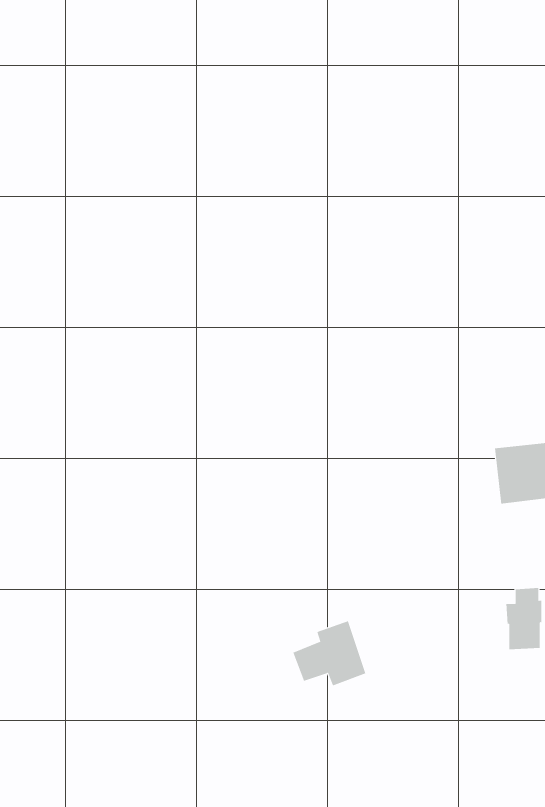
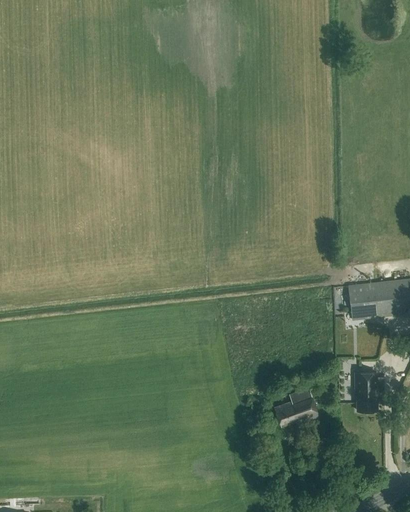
building: [292,621,366,686] -> [273,388,319,429]

